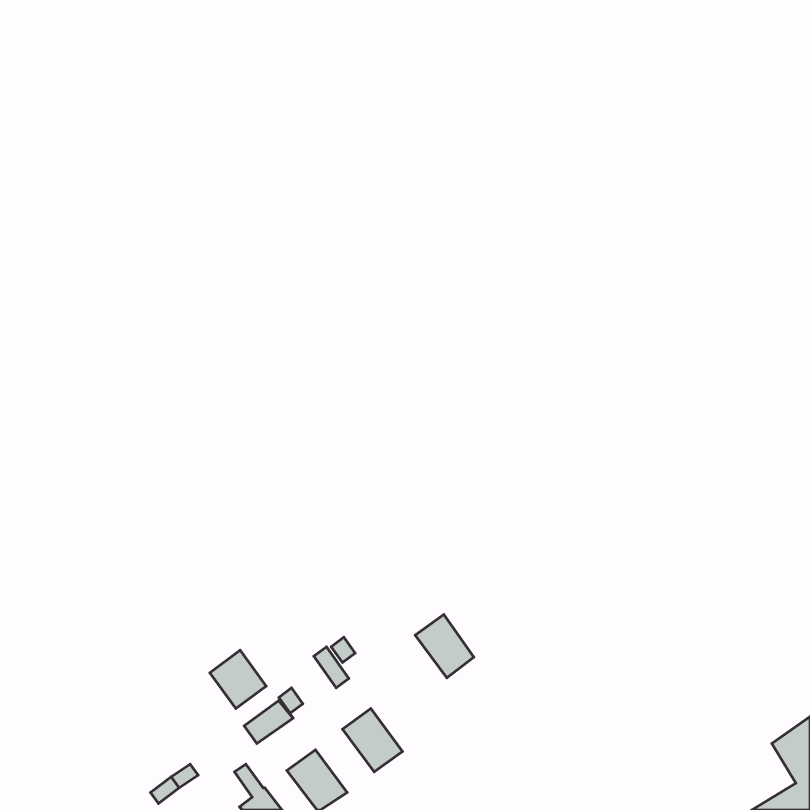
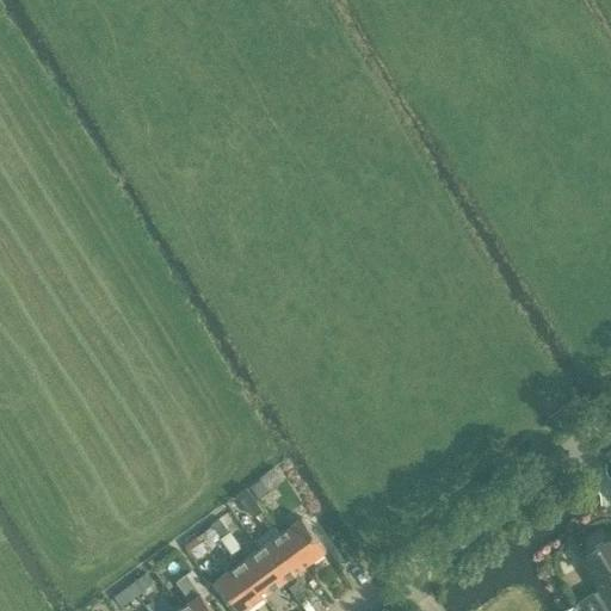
building: [415,615,474,678] -> [279,518,323,566]
building: [210,650,266,708] -> none
building: none -> [237,549,282,597]

